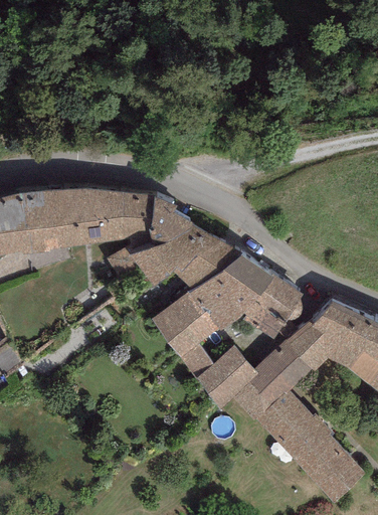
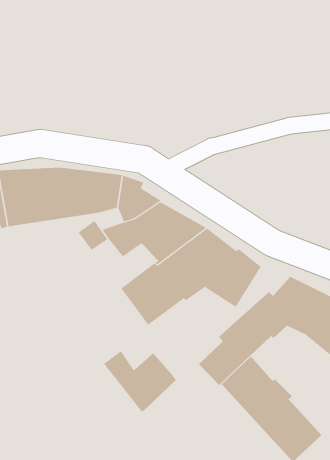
building: [181,342,259,408] -> [103,350,177,413]

